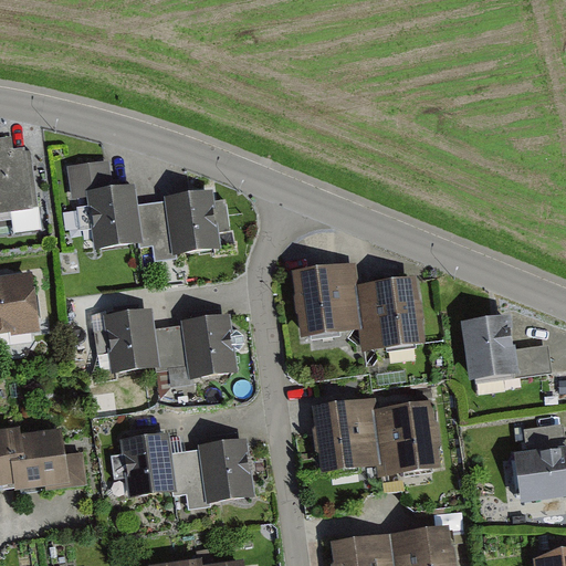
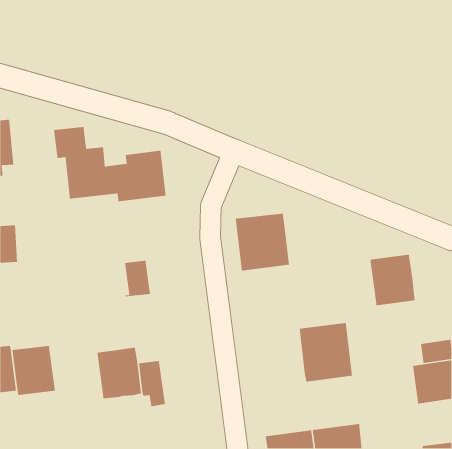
building: [356,277,424,352] -> none
building: [104,308,160,374] -> none
building: [181,314,238,379] -> none
building: [515,344,552,375] -> none
building: [313,400,379,472] -> none
building: [199,438,254,504] -> none

